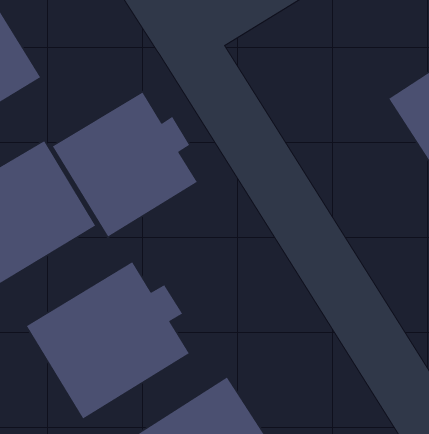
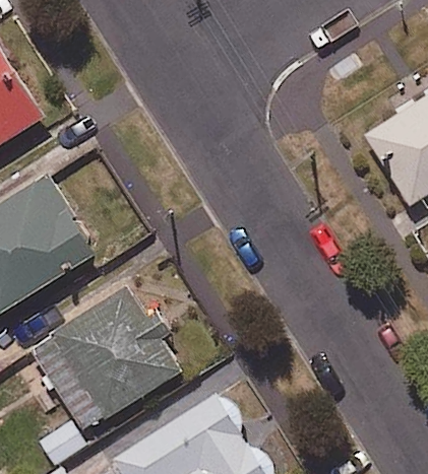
building: [52,91,198,237] -> none

